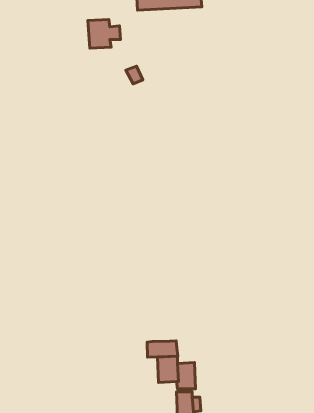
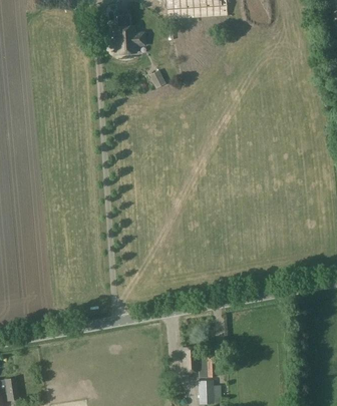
building: [147,341,178,357] -> none

